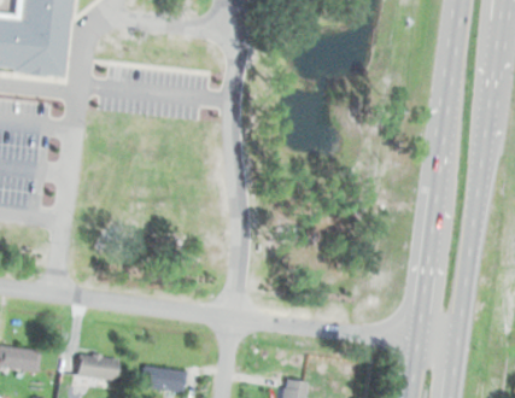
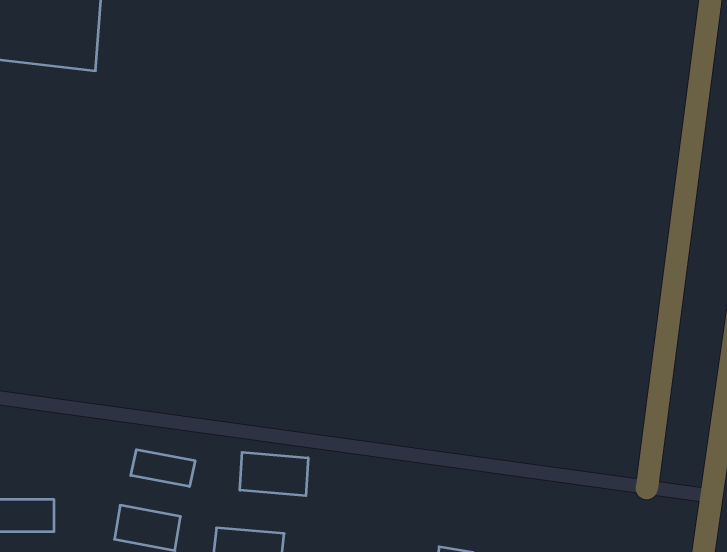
building: none -> [131,450,195,487]
building: none -> [240,452,308,496]

